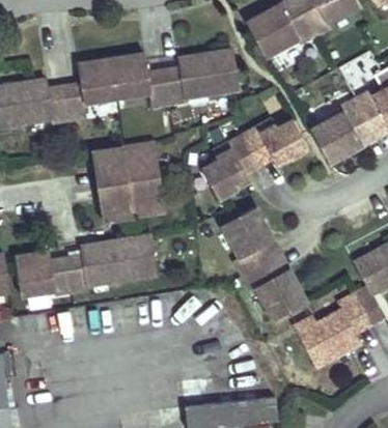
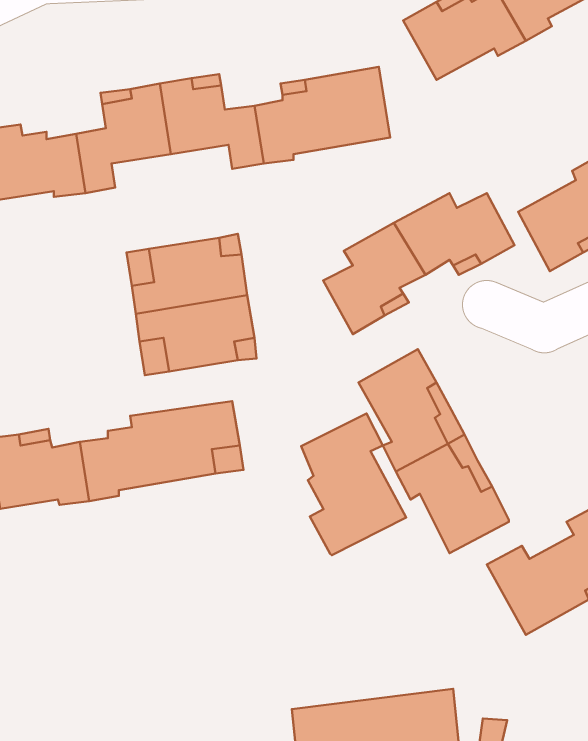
building: none -> [301,413,406,555]

